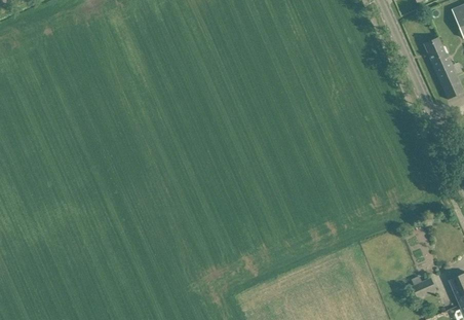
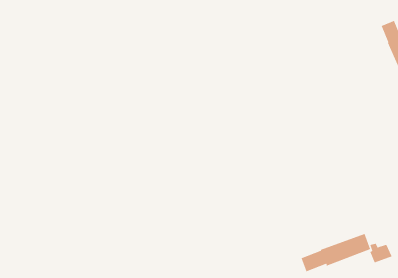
building: none -> [301,233,371,272]

